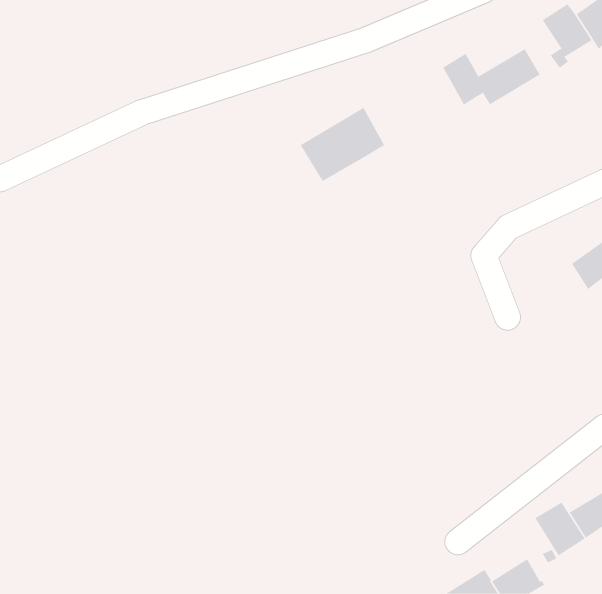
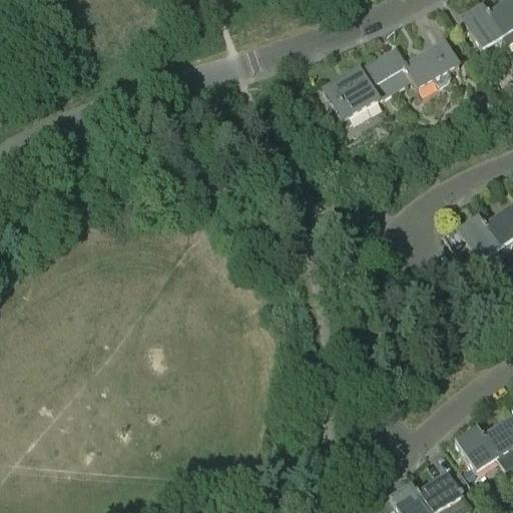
building: [300,107,385,182] -> [323,57,395,120]
building: none -> [457,213,500,271]

